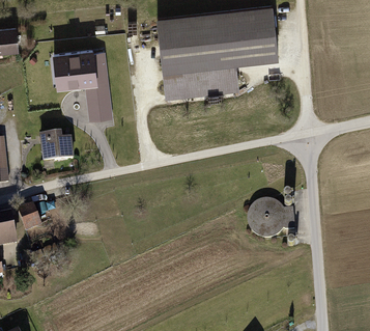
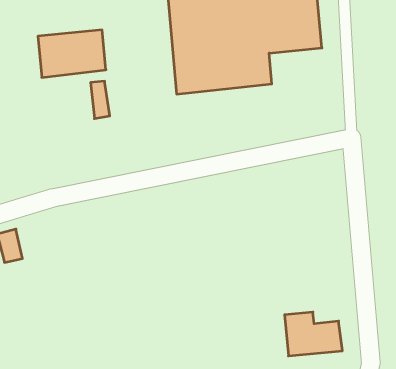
building: [38,130,74,159] -> none
building: [249,199,295,235] -> [285,312,342,356]

